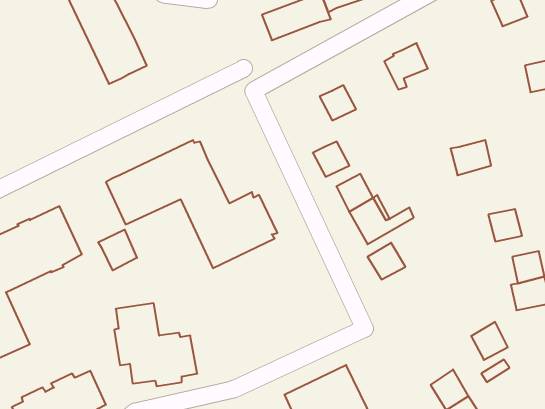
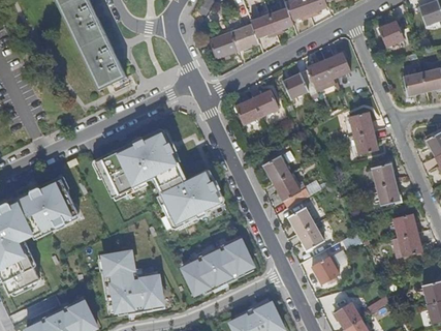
building: none -> [323,52,350,79]
building: none -> [282,73,309,100]
building: none -> [349,113,374,137]
building: [313,142,349,177] -> [234,99,261,125]
building: none -> [372,163,396,186]
building: [98,230,137,270] -> none
building: none -> [297,224,325,251]
building: none -> [182,241,252,295]
building: [471,322,508,360] -> [312,255,339,283]

